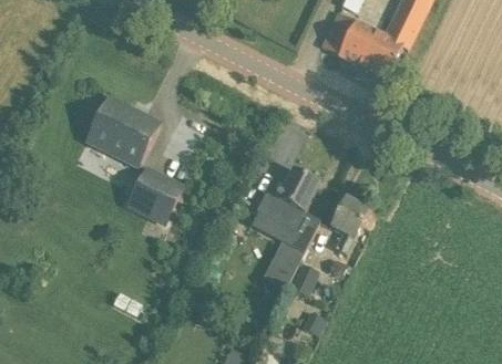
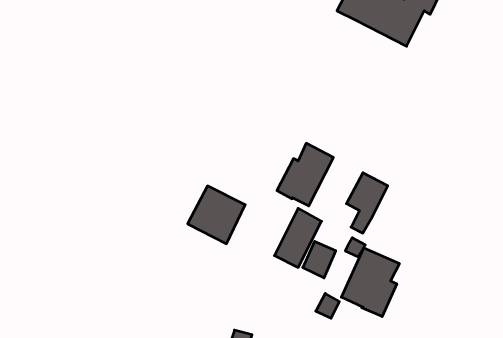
building: [86,98,157,165] -> none
building: [127,169,182,223] -> [188,186,245,244]
building: none -> [341,248,399,317]

